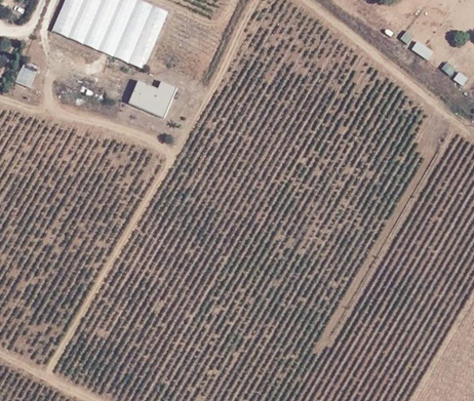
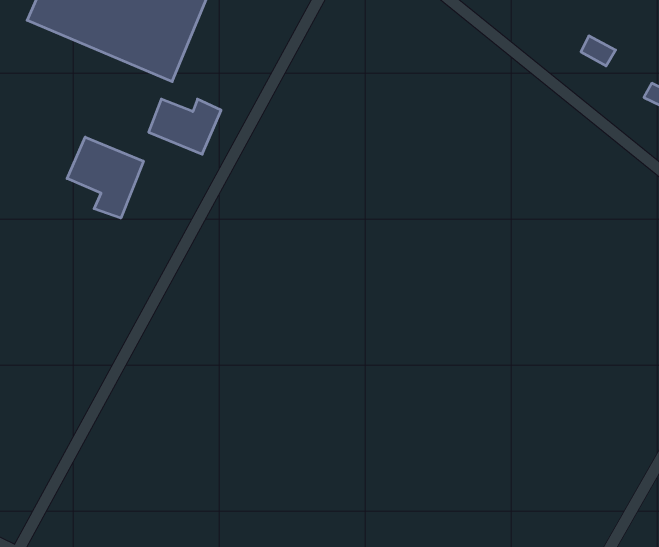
building: none -> [67,137,143,218]

